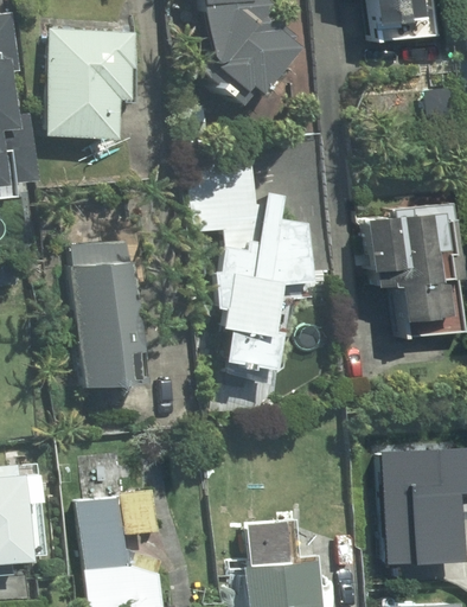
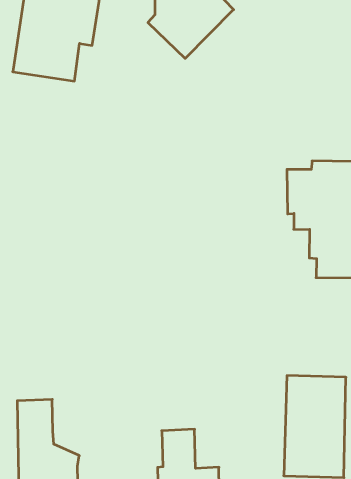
building: [200,158,308,370] -> none
building: [76,243,142,386] -> none

